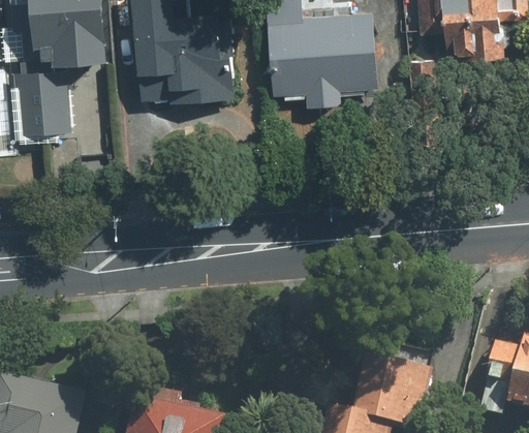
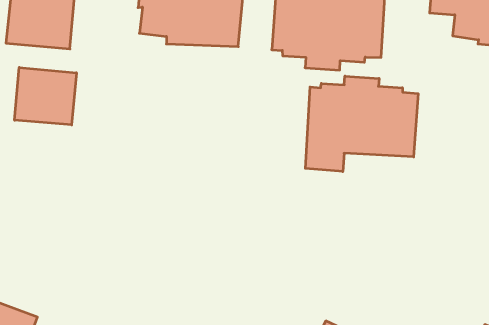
building: none -> [305,76,418,172]
building: none -> [15,67,76,125]

